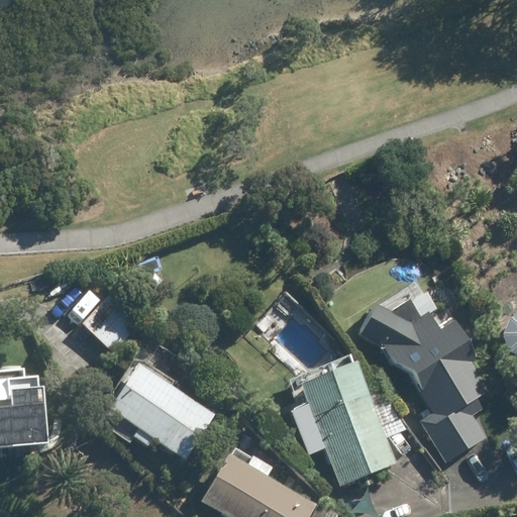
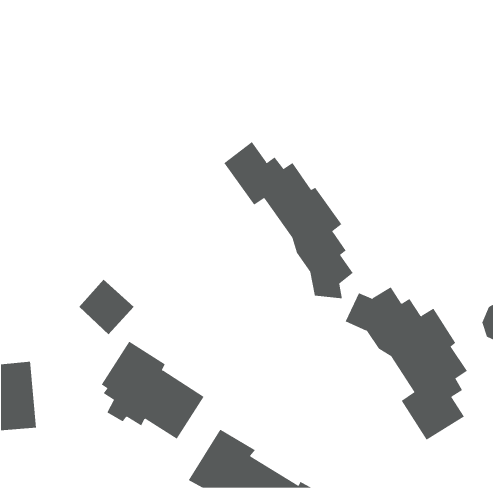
building: none -> [224,141,354,299]
building: [290,364,393,484] -> none

